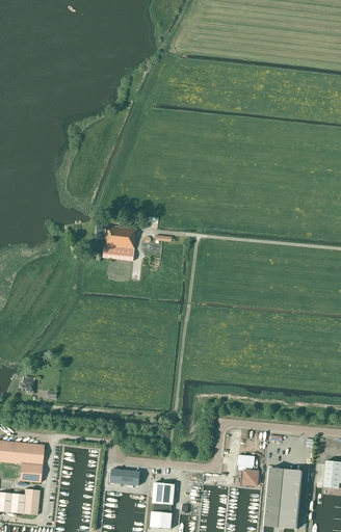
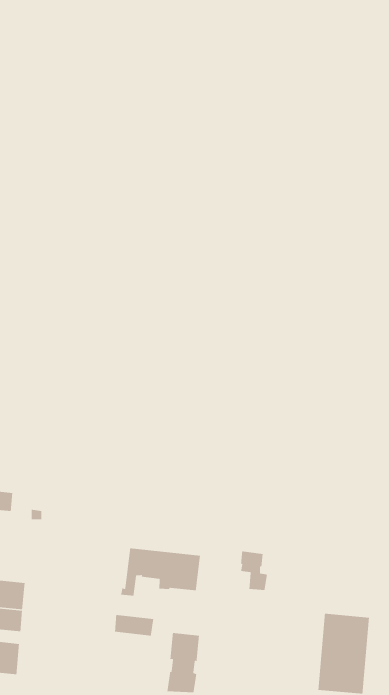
building: [96,223,136,261] -> none
building: none -> [120,547,201,597]
building: [237,454,258,484] -> [240,551,268,591]

